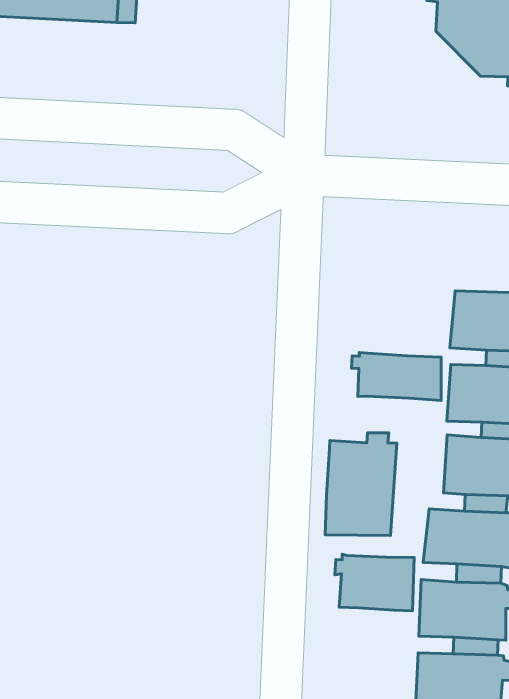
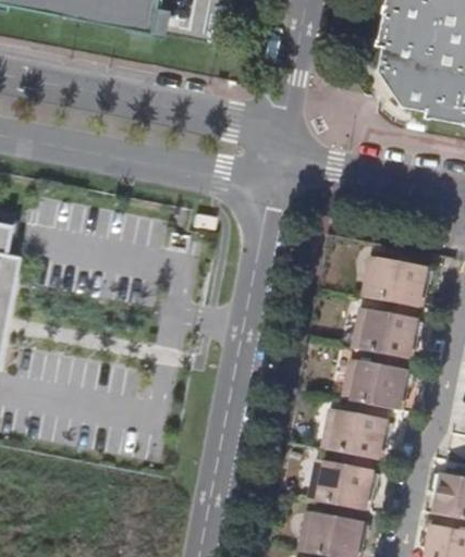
building: [351,352,441,400] -> none
building: [325,433,397,535] -> none
building: [335,554,414,611] -> none

